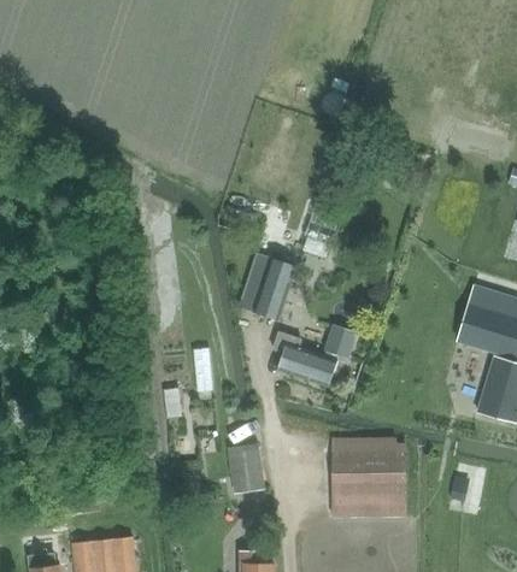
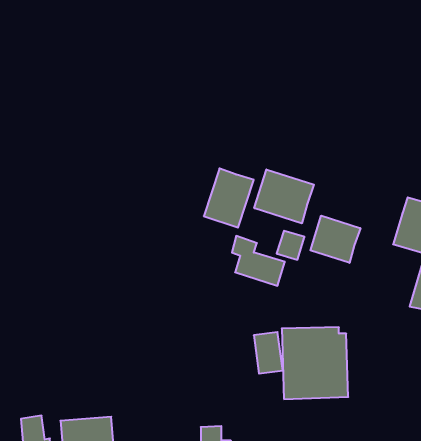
building: none -> [254,169,314,223]
building: none -> [310,216,360,263]
building: [229,443,263,491] -> [254,332,283,374]

